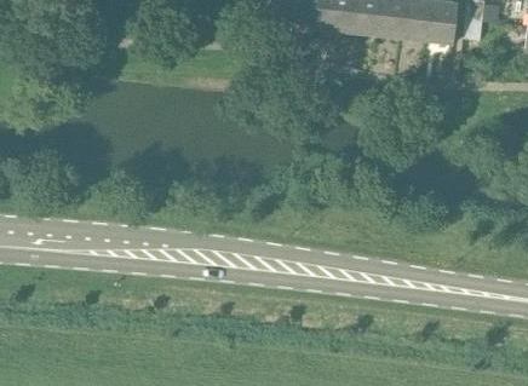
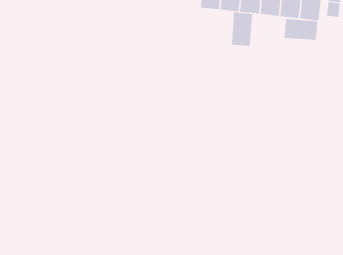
building: none -> [232,12,253,47]
building: none -> [284,18,318,40]

